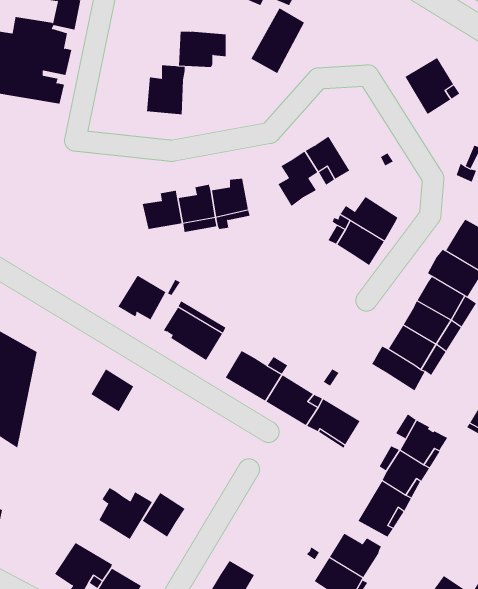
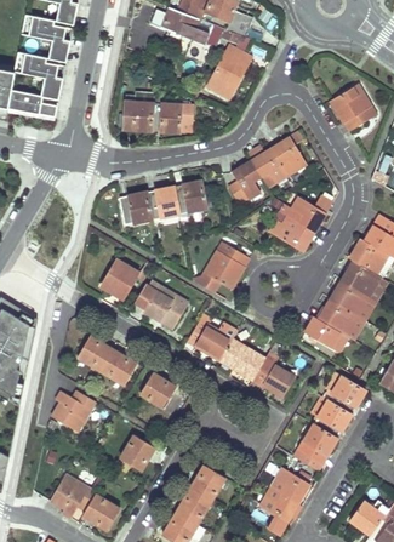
building: [178,31,227,67] -> [153,103,192,132]
building: none -> [270,130,307,176]
building: none -> [193,246,250,292]
building: none -> [102,349,137,383]
building: none -> [141,372,176,407]
building: [99,487,153,540] -> [52,389,96,432]
building: none -> [190,464,225,501]

